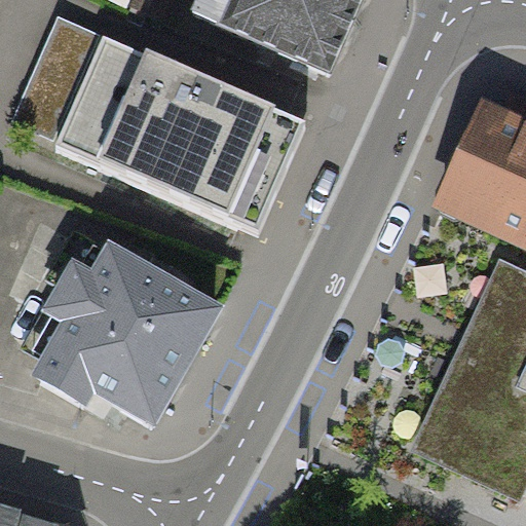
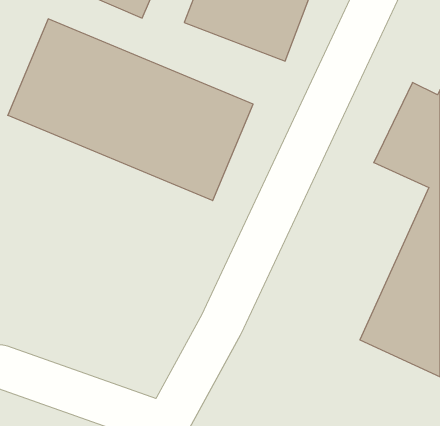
building: [32,231,221,416] -> none

